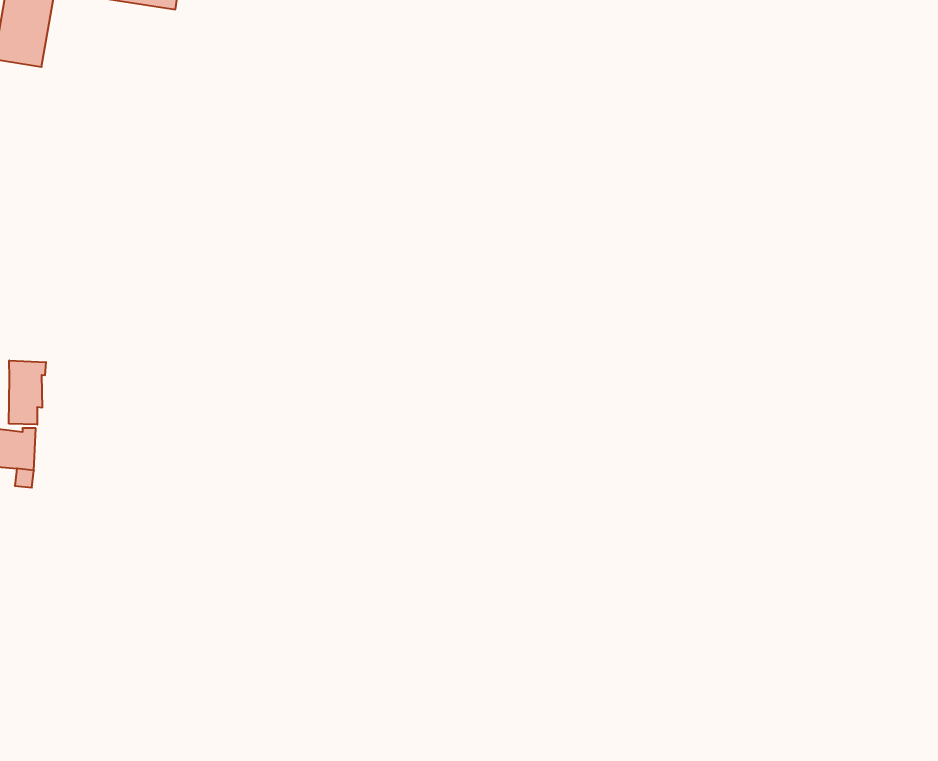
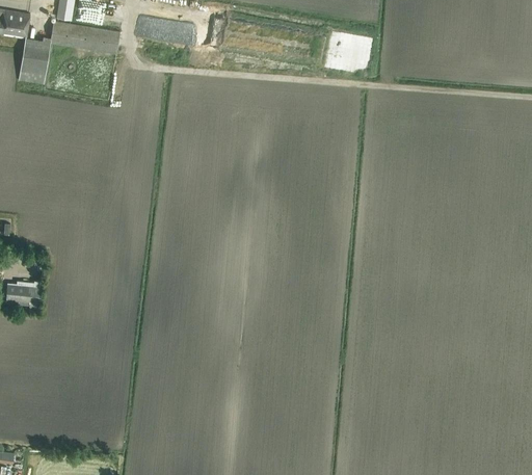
building: [9,360,46,425] -> none

